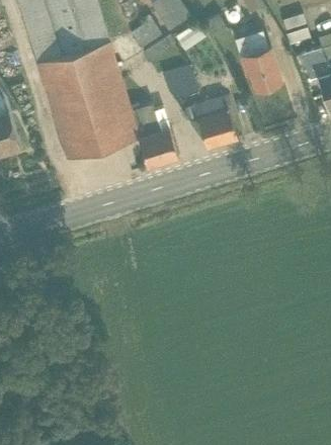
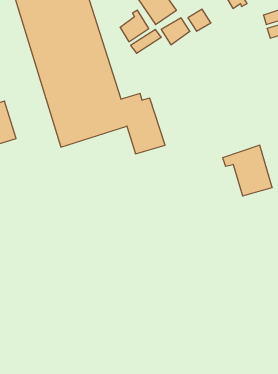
building: [234,30,282,90] -> none
building: [161,65,197,98] -> none
building: [184,95,237,149] -> [223,145,272,196]

